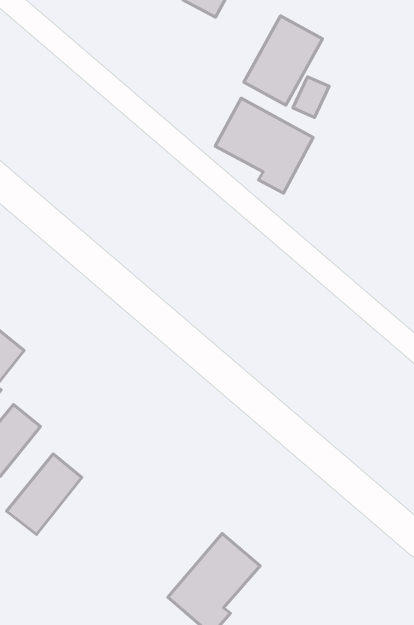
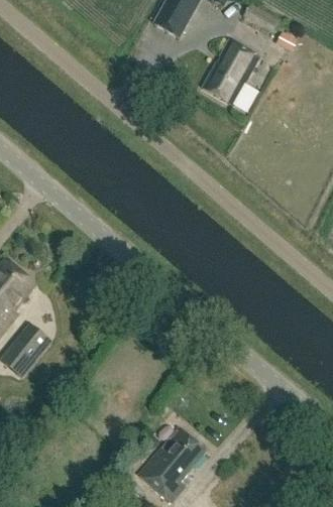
building: [215,98,313,193] -> none
building: [6,454,82,534] -> none

